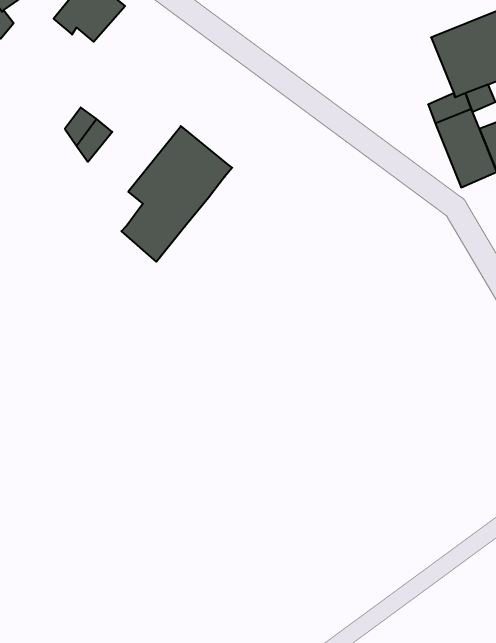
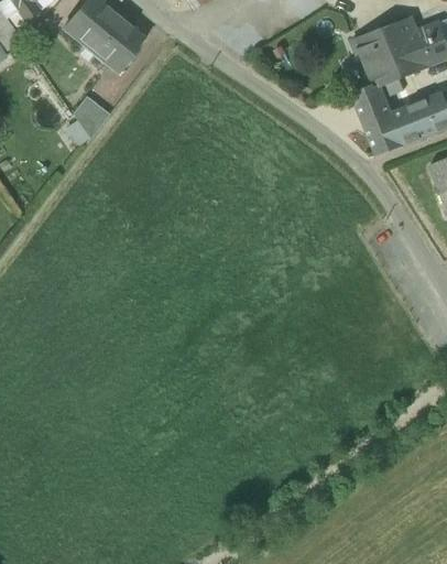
building: none -> [94,17,145,72]
building: [121,126,232,262] -> none

